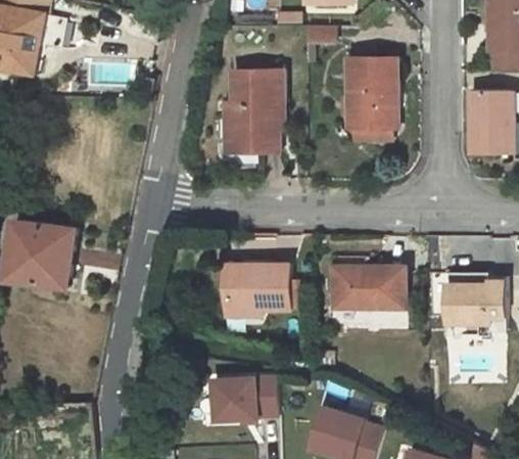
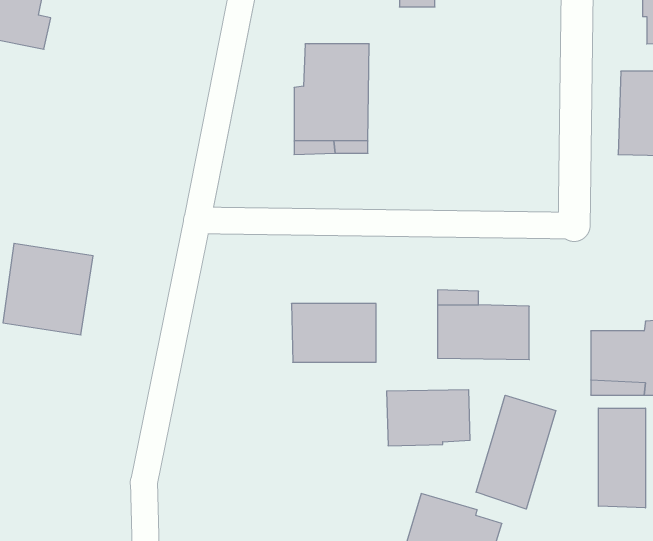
building: [346,58,395,127] -> none
building: none -> [476,395,556,509]
building: none -> [598,408,645,508]
building: [215,376,277,418] -> [387,390,470,446]

